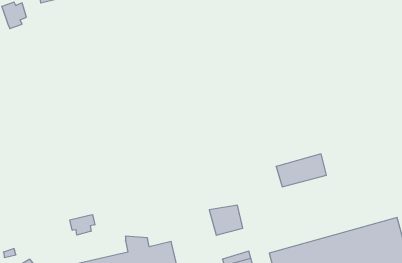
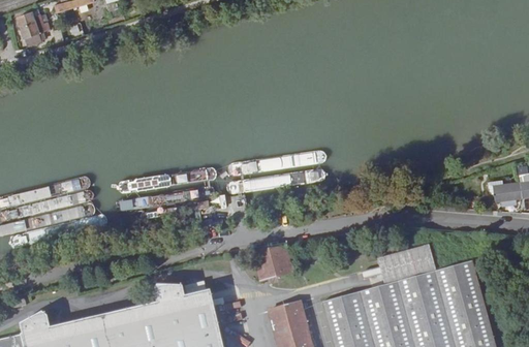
building: [276,154,326,187] -> [379,245,438,283]
building: [70,215,95,235] -> none

